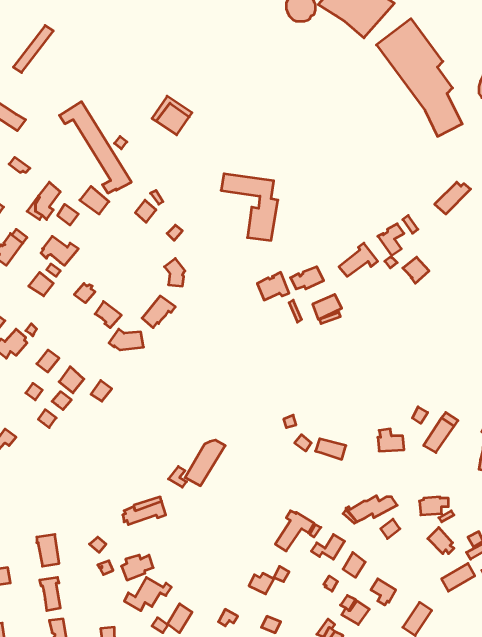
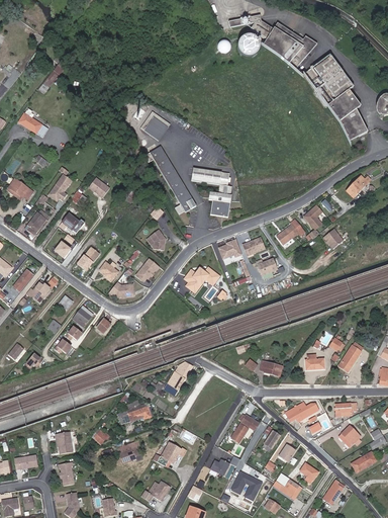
building: [59,102,131,193] -> [143,147,196,213]
building: none -> [186,268,219,292]
building: [124,577,171,611] -> [153,443,187,467]
building: none -> [232,471,262,500]

